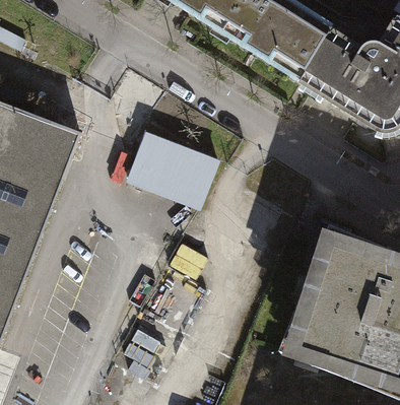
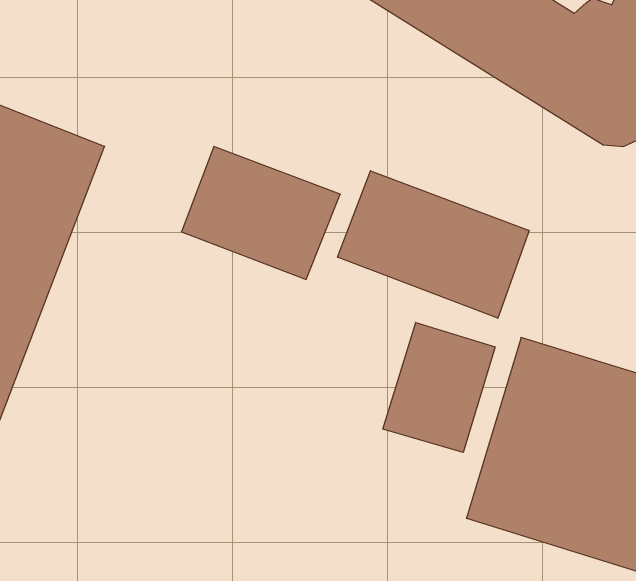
building: none -> [338,171,529,318]
building: none -> [383,322,495,452]

